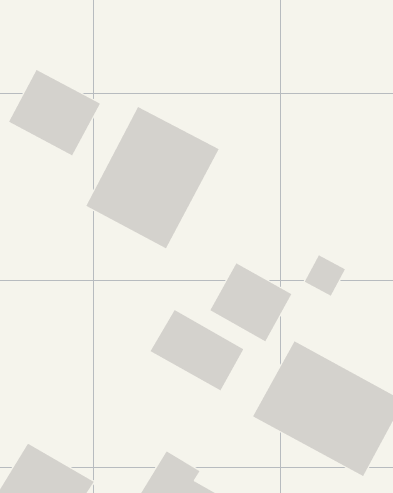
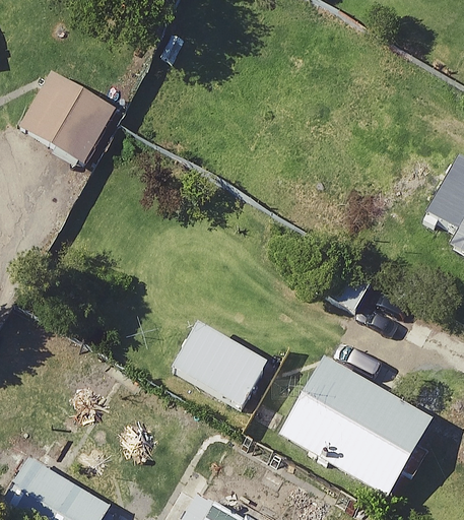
building: [85,106,219,249] -> none
building: [209,262,292,342] -> none

